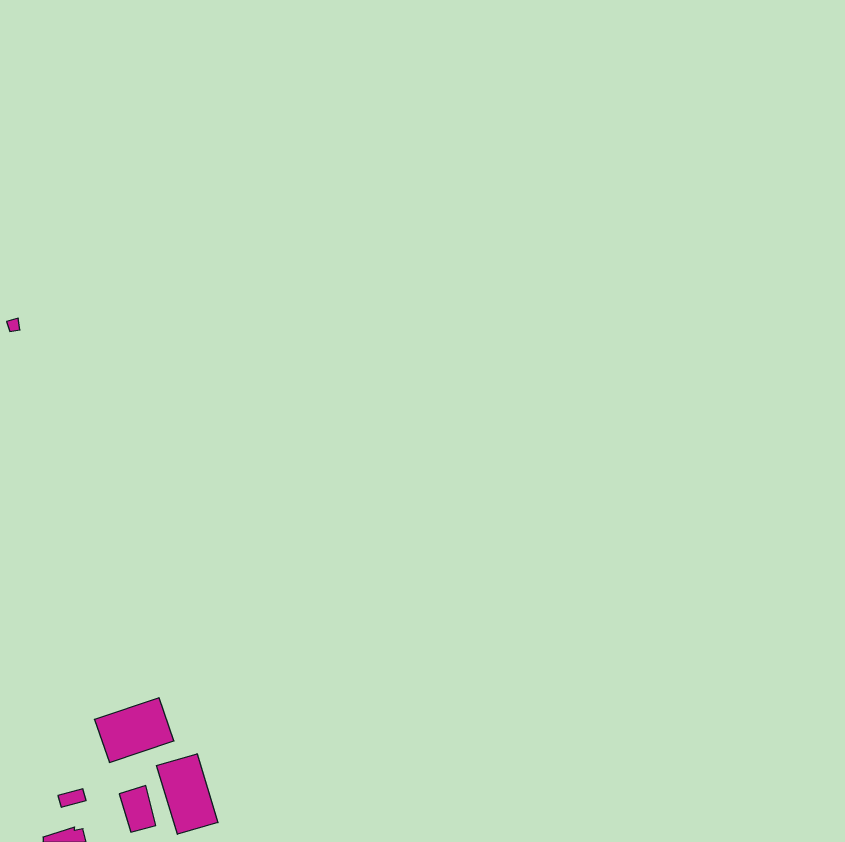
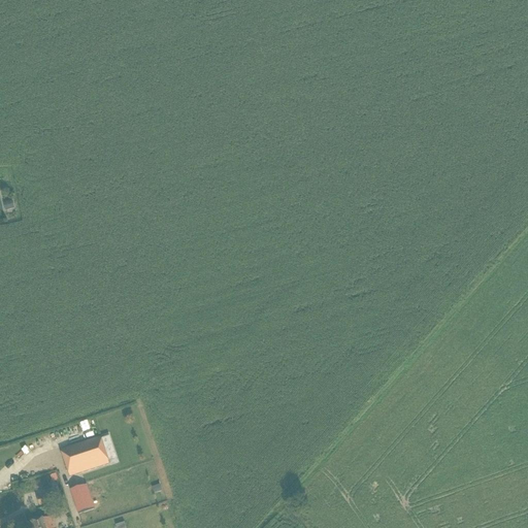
building: [157,754,218,834] -> none

